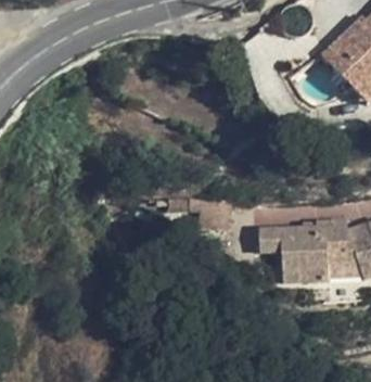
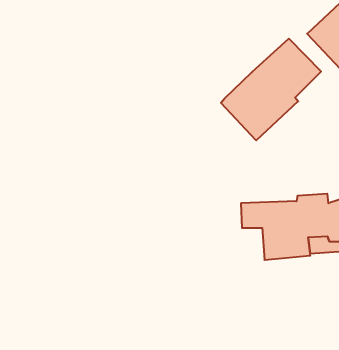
building: none -> [221,39,321,140]

